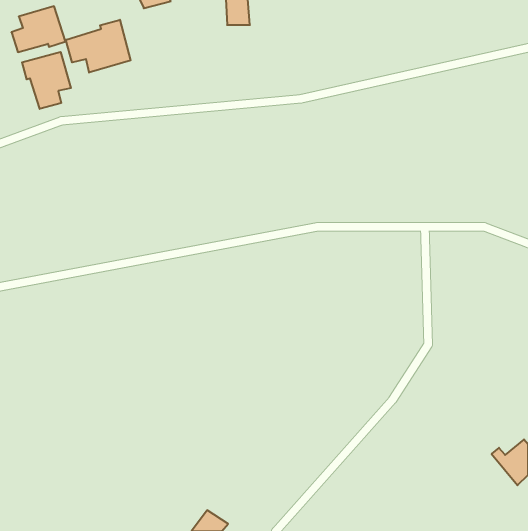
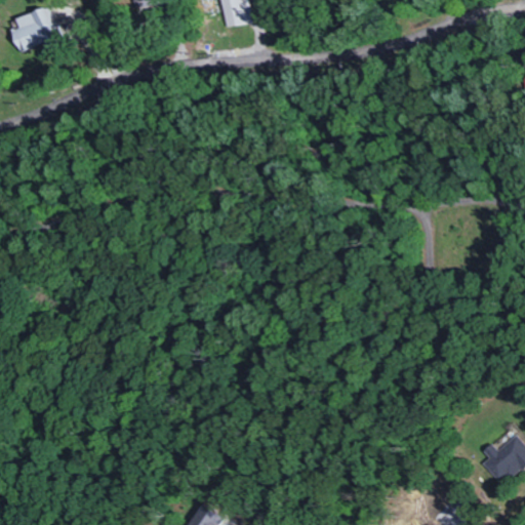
building: [66,20,131,73] -> none
building: [22,52,71,109] -> none

